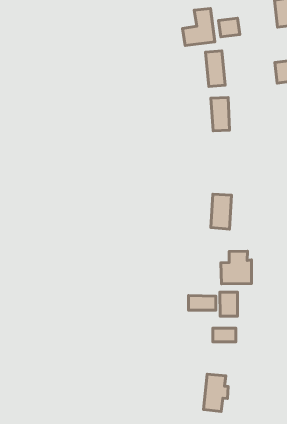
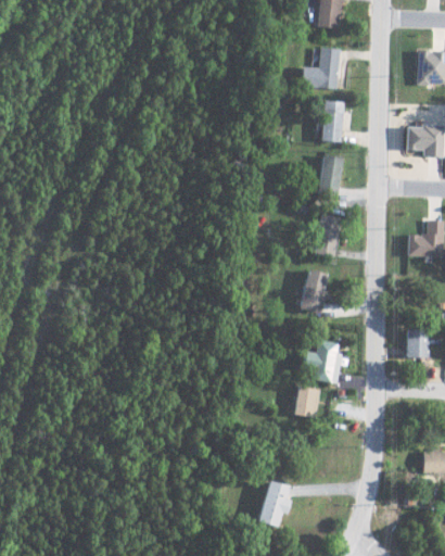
building: [219,18,240,37] -> none
building: none -> [316,214,340,256]
building: [188,296,216,310] -> none
building: [213,328,236,342] -> none

